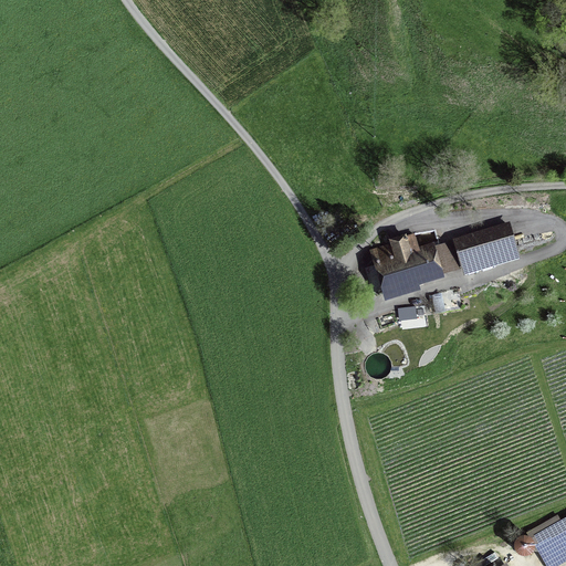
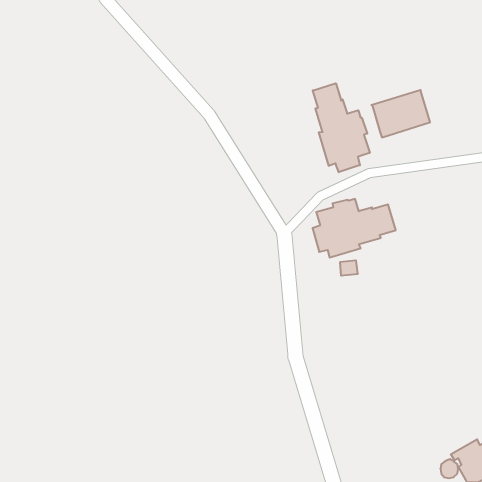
building: none -> [313,83,370,172]
building: [454,220,523,275] -> [371,90,430,137]

